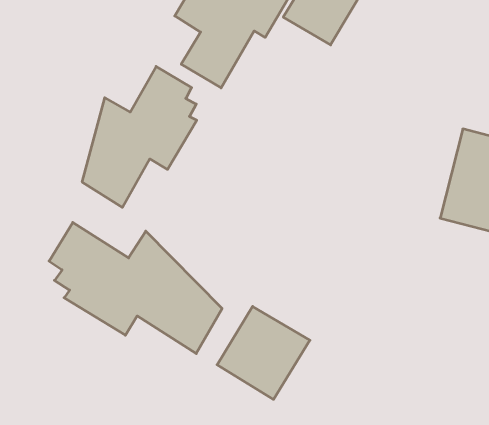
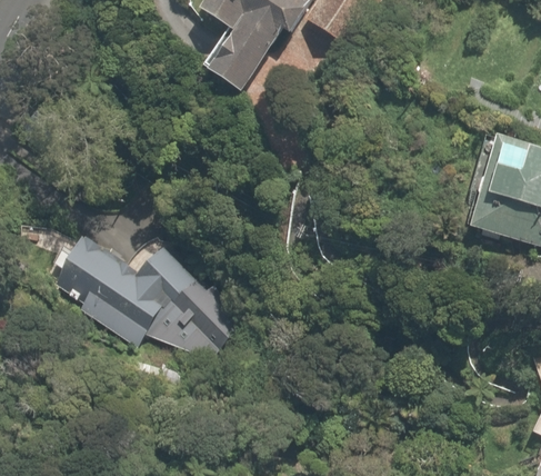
building: [82,66,197,207] -> none
building: [217,306,310,399] -> none

